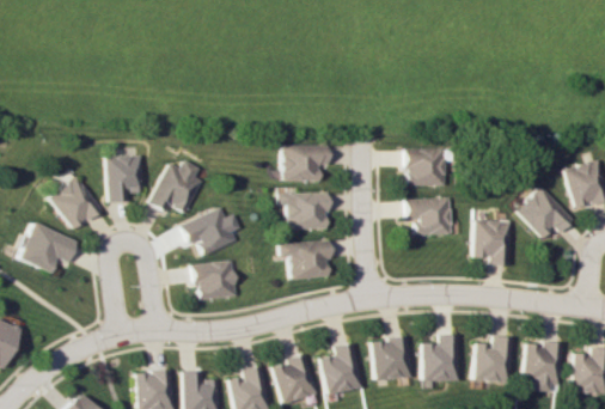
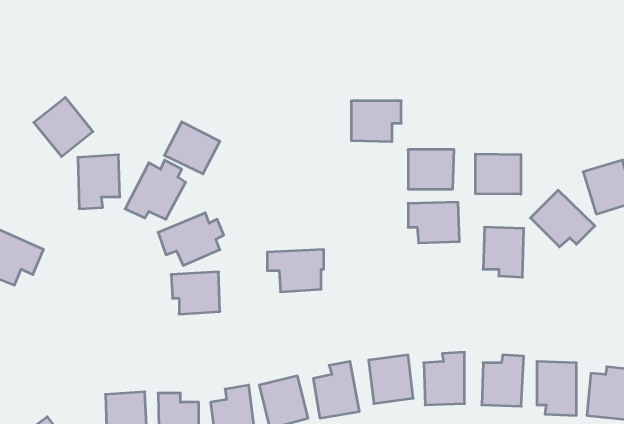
building: none -> [164,122,220,174]
building: [282,145,328,182] -> [351,101,401,142]
building: none -> [475,154,521,194]
building: [48,176,102,230] -> [34,97,93,157]
building: [277,191,328,230] -> none

